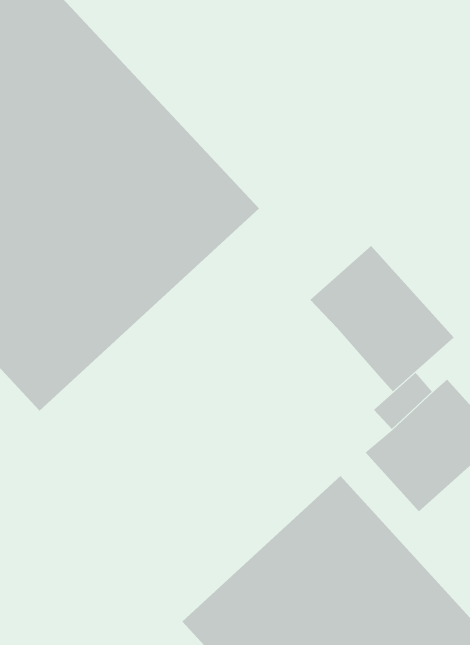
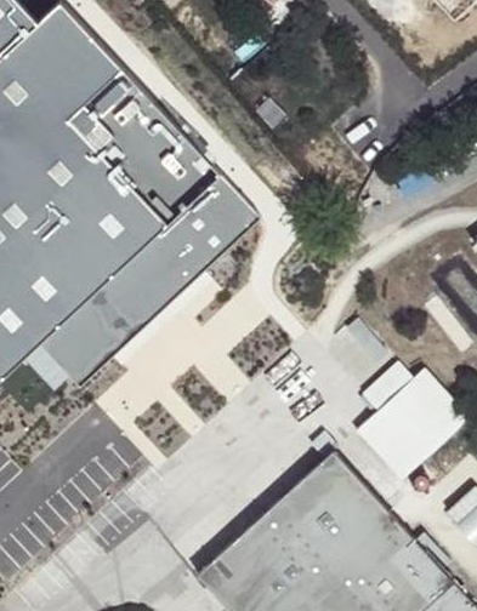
building: [310,245,454,392] -> none

